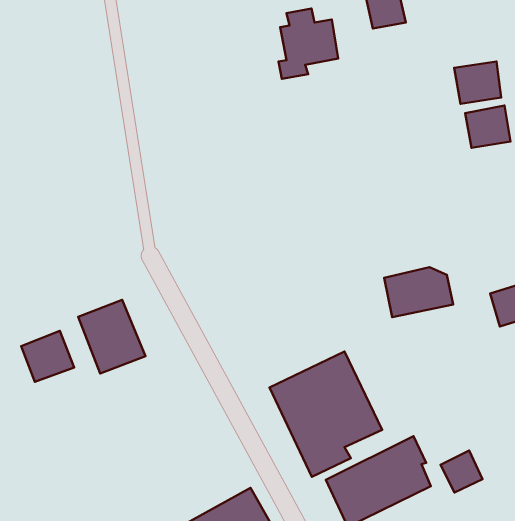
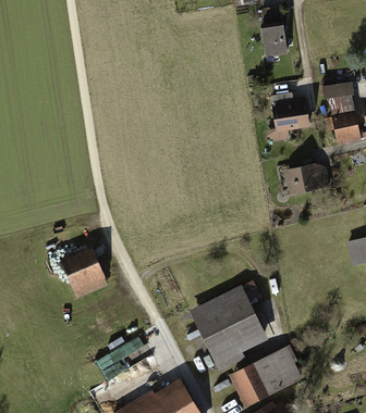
building: [279,8,338,79] -> [268,92,309,141]
building: [384,267,453,317] -> [284,162,332,197]
building: [21,331,74,382] -> none
building: [440,451,482,493] -> none

